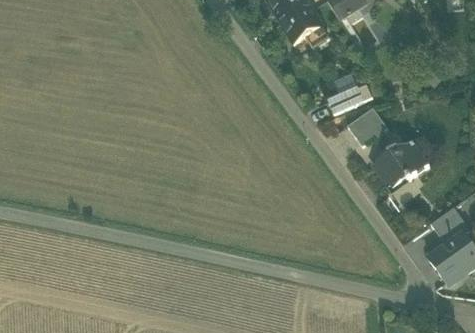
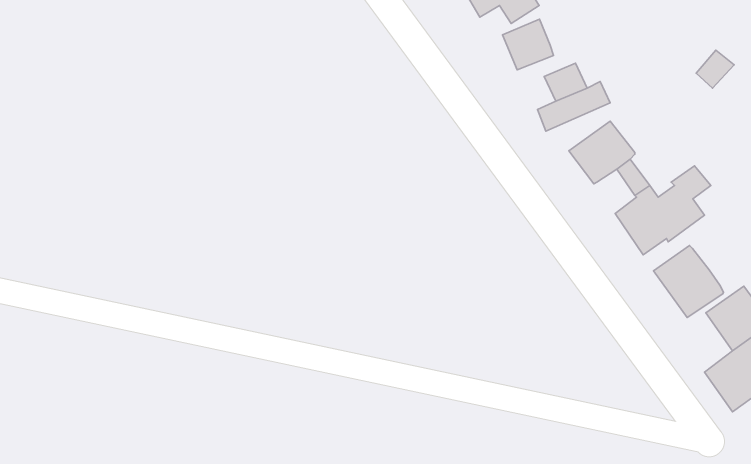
building: none -> [502,19,553,70]
building: none -> [653,246,723,317]

